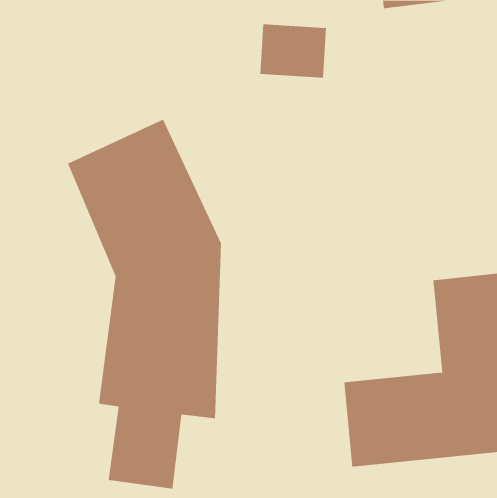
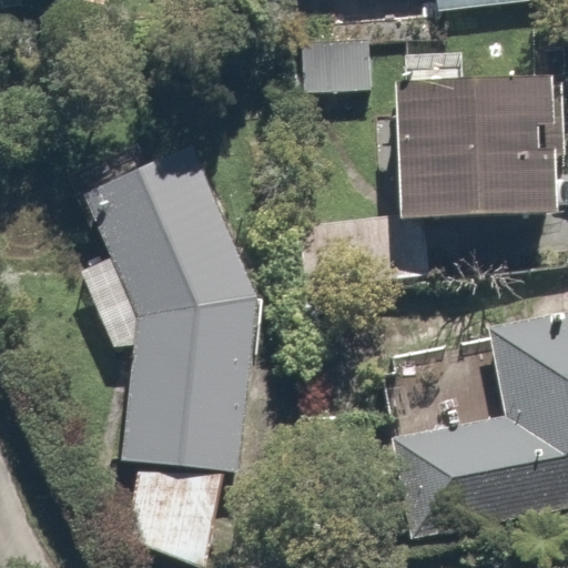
building: none -> [387,73,547,215]

